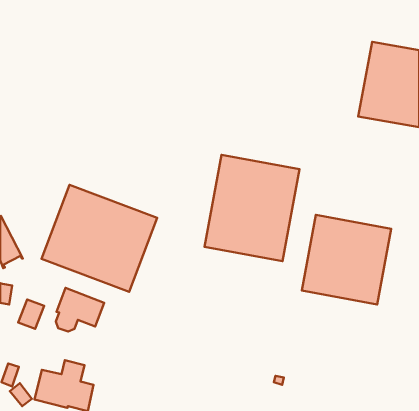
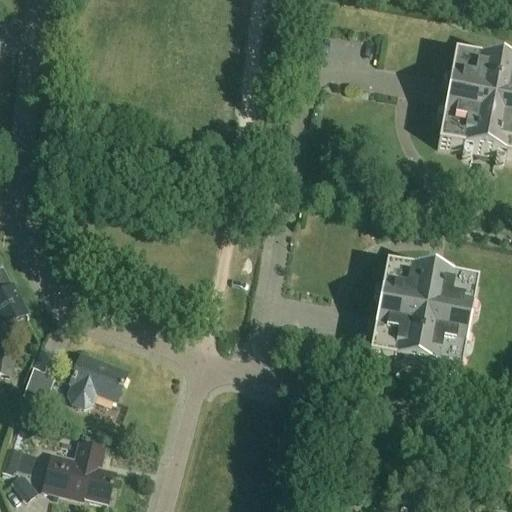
building: [205,155,299,261] -> none
building: [42,185,157,292] -> none

